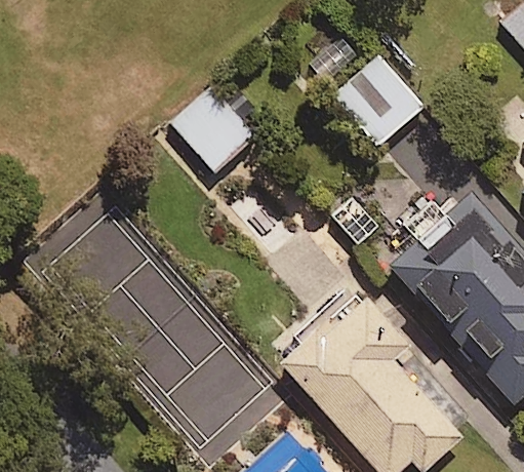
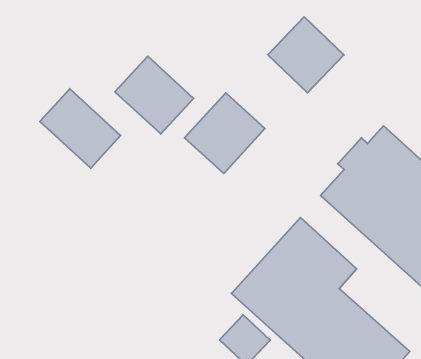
building: none -> [40,89,121,168]
building: none -> [185,93,265,173]

